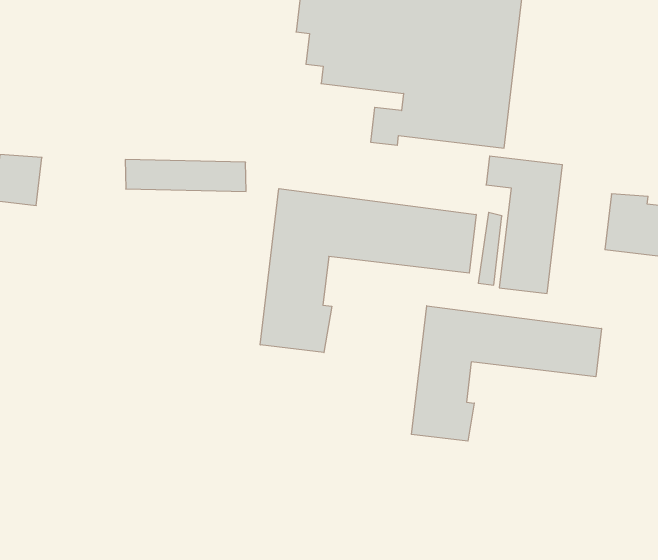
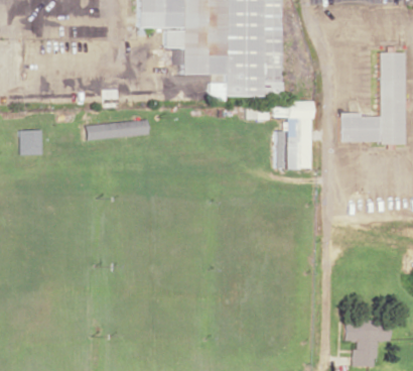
building: [260,189,476,353] -> none
building: [411,306,601,441] -> none

